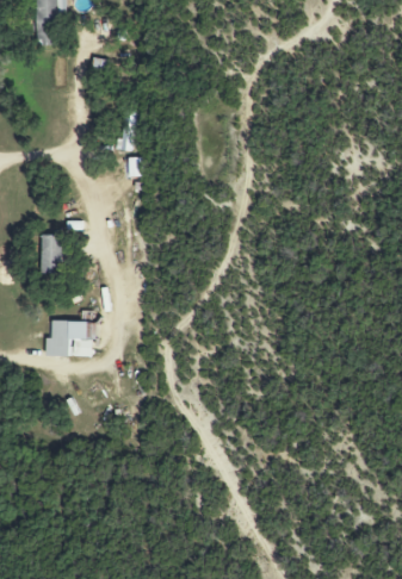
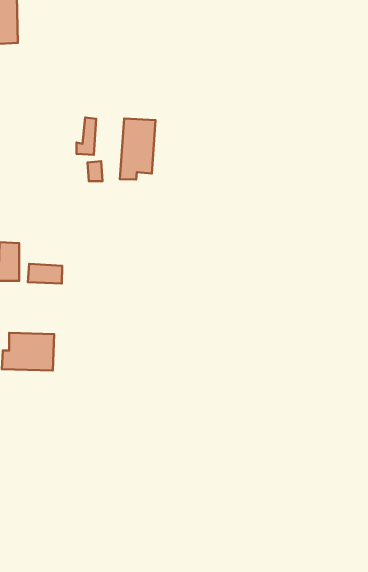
building: none -> [120,118,156,179]
building: none -> [28,264,62,283]

